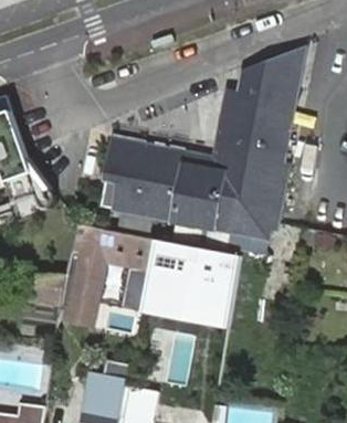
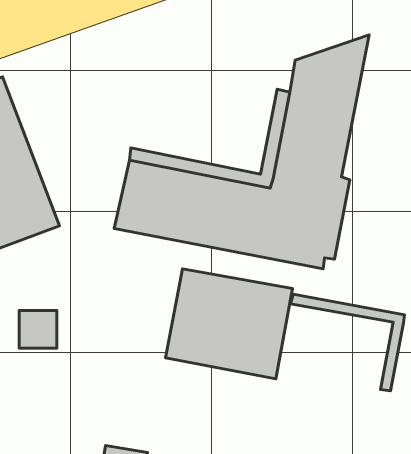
building: [61,225,153,325] -> none
building: none -> [290,294,404,391]

